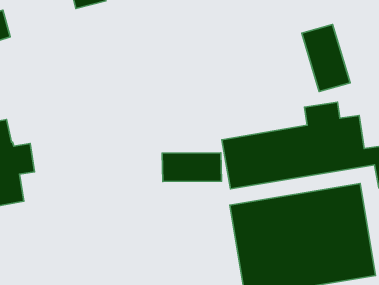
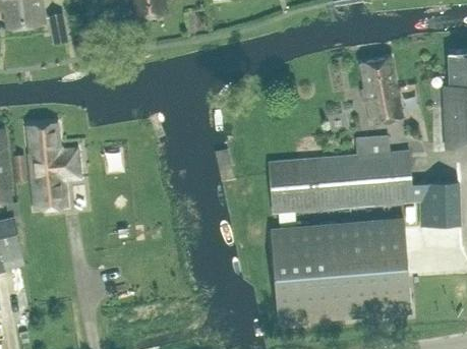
building: [162,153,221,182] -> none

